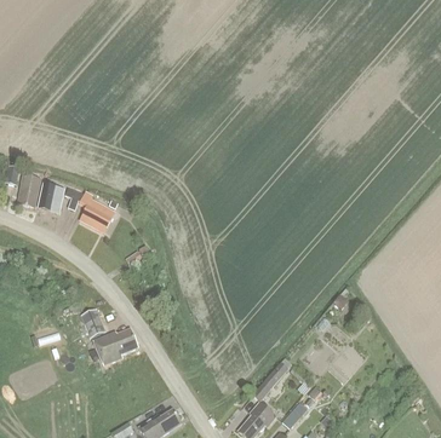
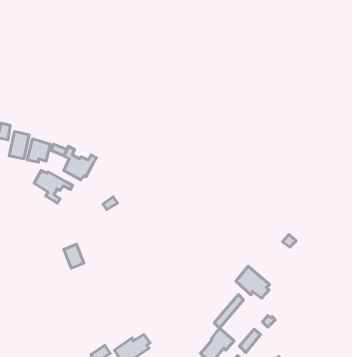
building: none -> [34,170,73,203]
building: [93,328,137,363] -> none
building: none -> [236,266,269,298]

